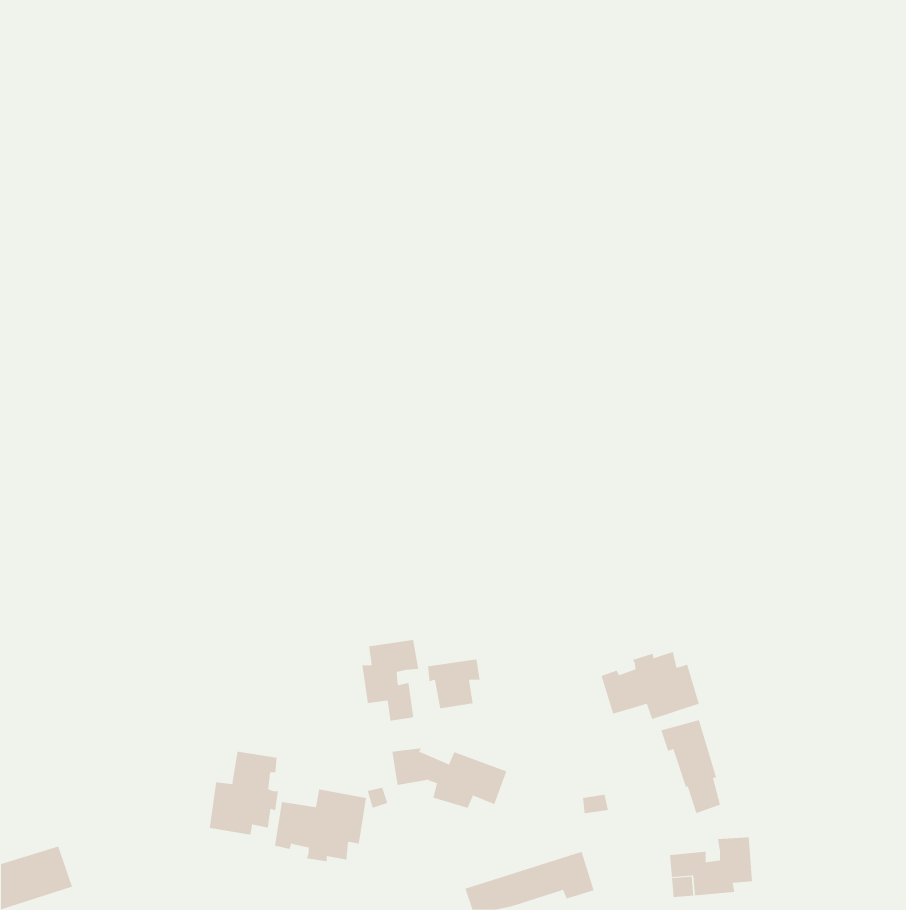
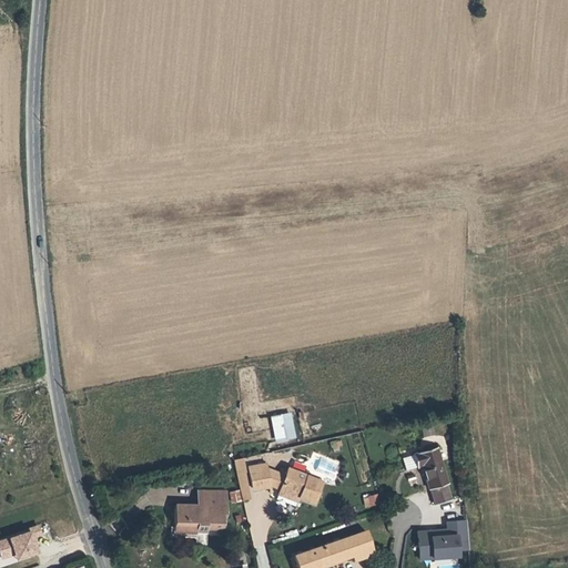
building: [362,639,419,721] -> none
building: [601,651,699,720] -> none
building: [209,751,279,835] -> none

